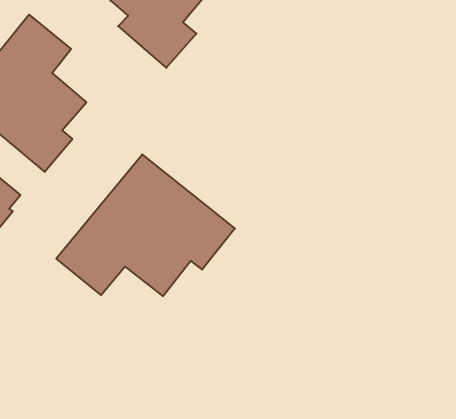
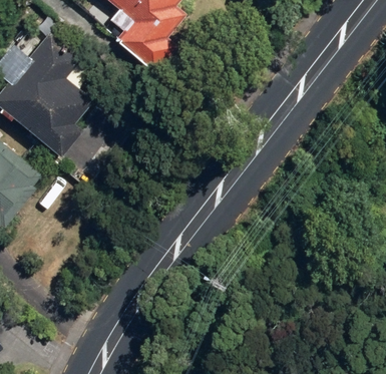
building: [56,154,235,296] -> none

